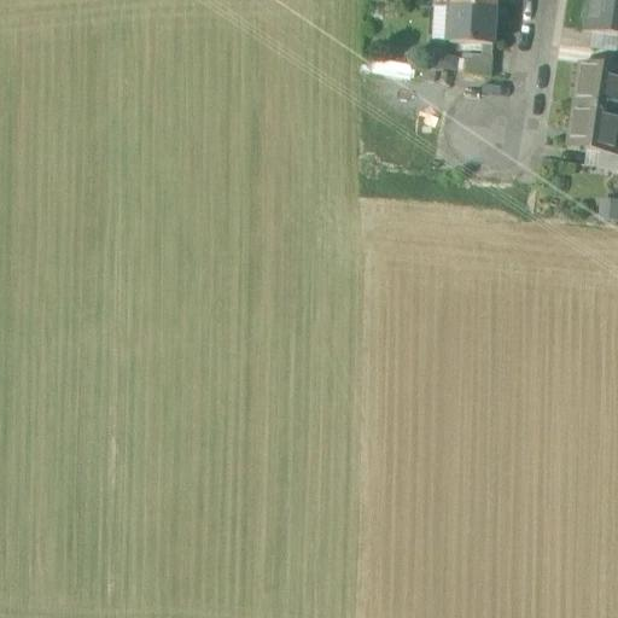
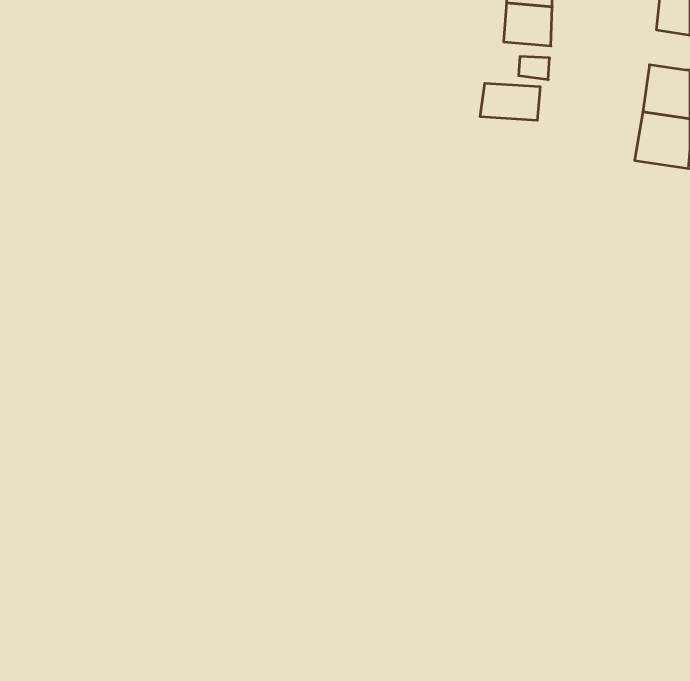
building: none -> [480,83,540,120]

